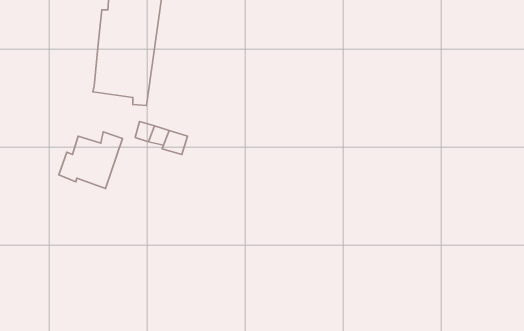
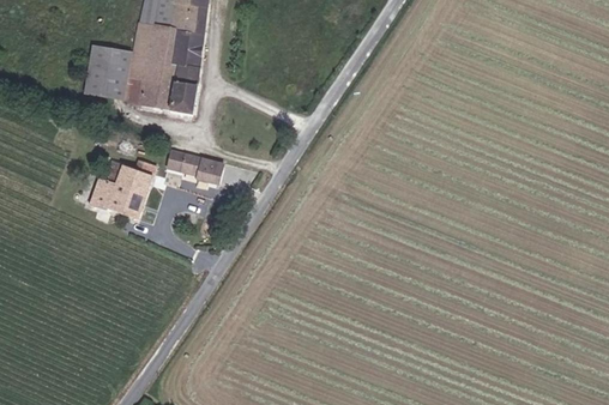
building: none -> [82,56,133,109]

